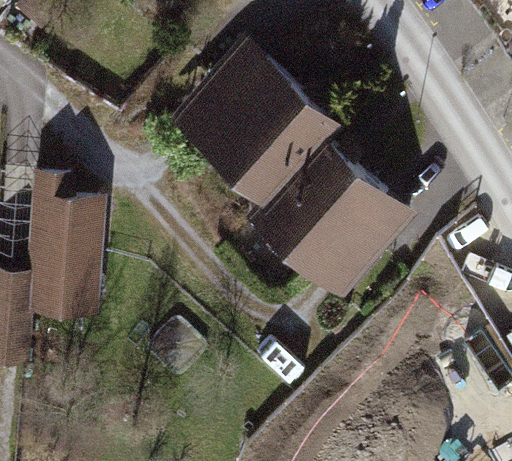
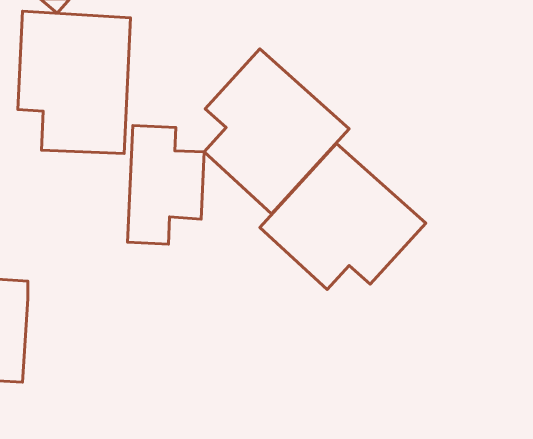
building: none -> [18,11,131,153]
building: [29,177,102,290] -> [128,126,204,244]

